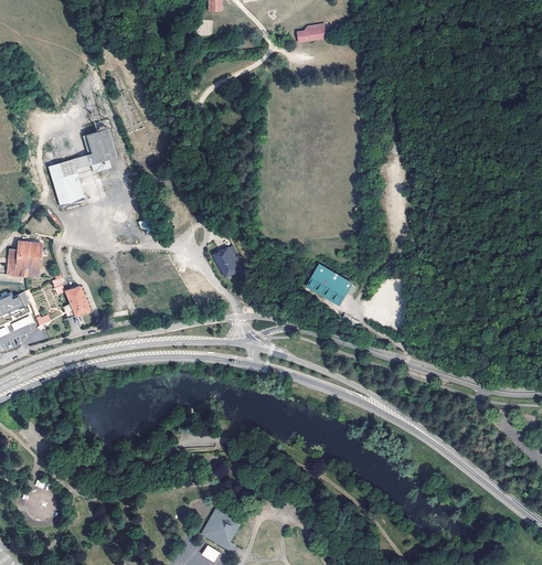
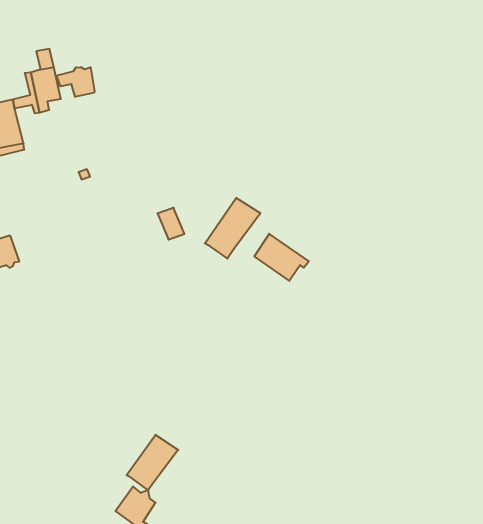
building: none -> [56,67,95,97]
building: none -> [205,198,260,259]
building: none -> [127,435,178,490]

